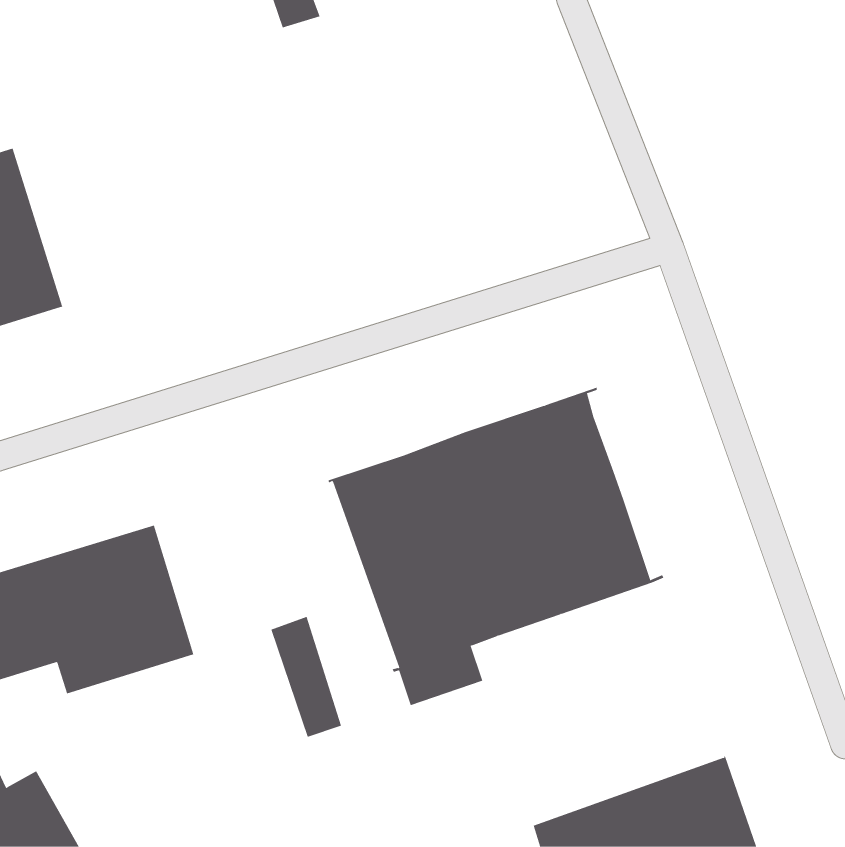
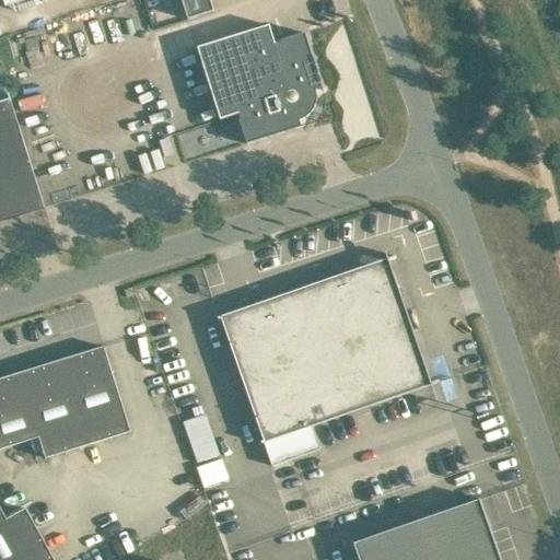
building: none -> [195,24,320,143]

